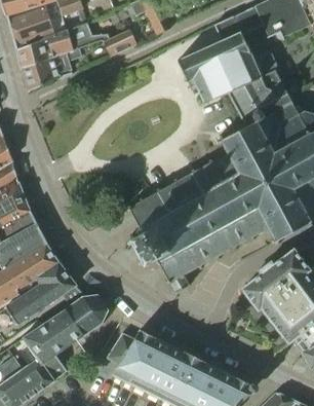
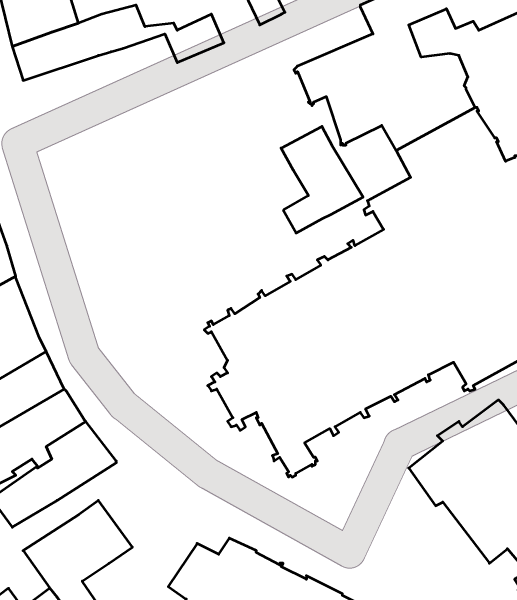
building: [22,48,81,91] -> none
building: none -> [281,126,363,233]
building: [65,293,111,334] -> none

